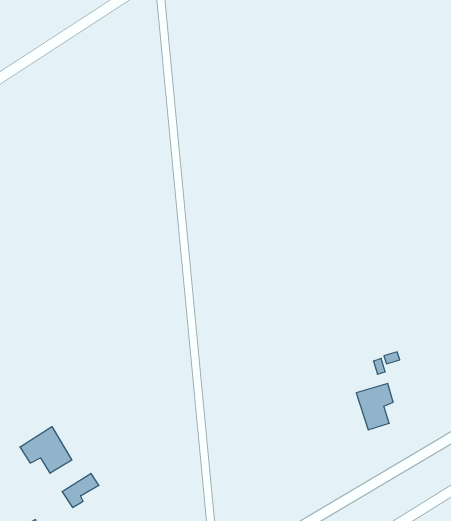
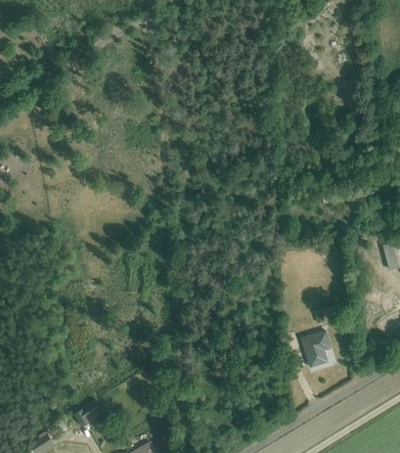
building: [20,427,72,473] -> none

